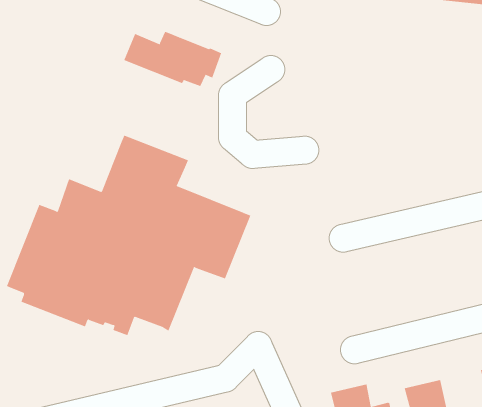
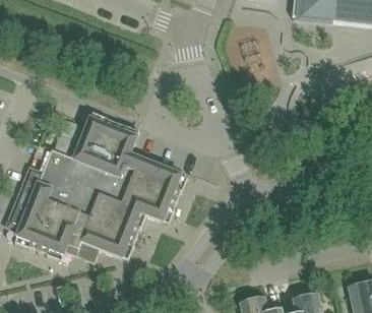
building: [123,31,222,87] -> none

